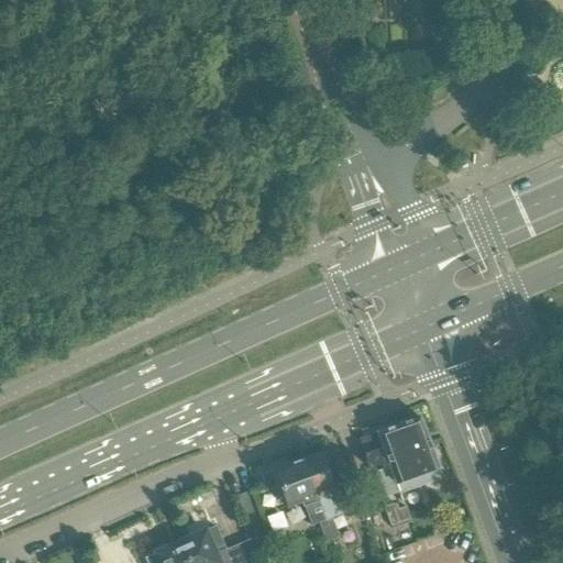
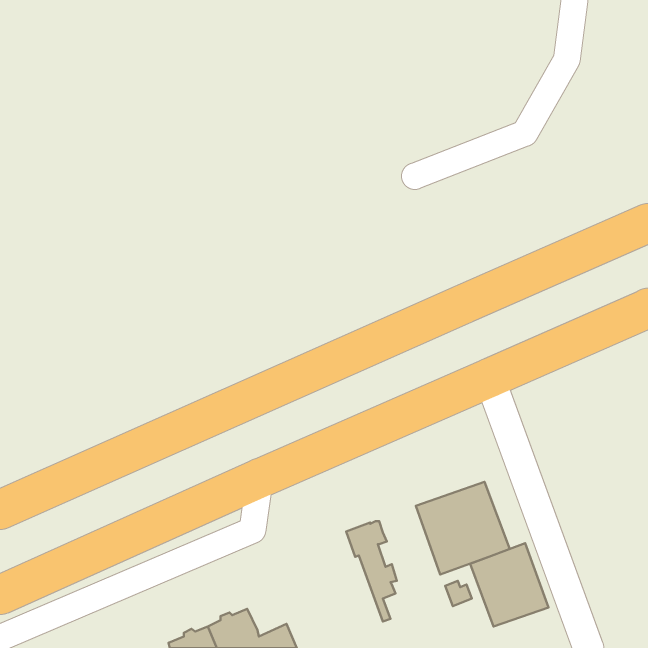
building: [262,461,332,541] -> none
building: none -> [470,543,548,626]

